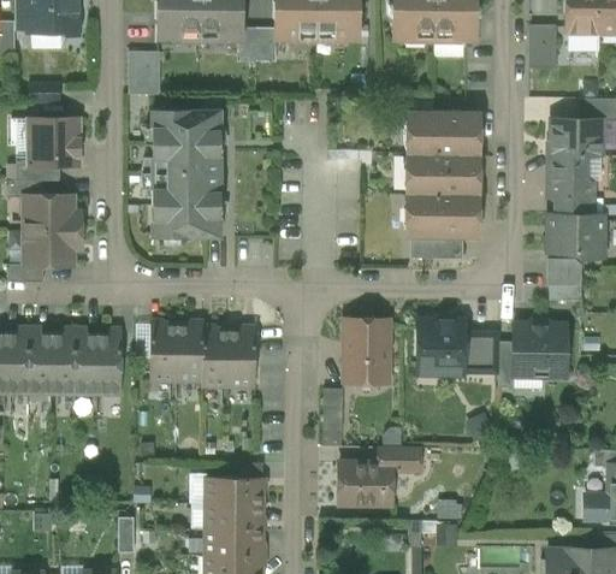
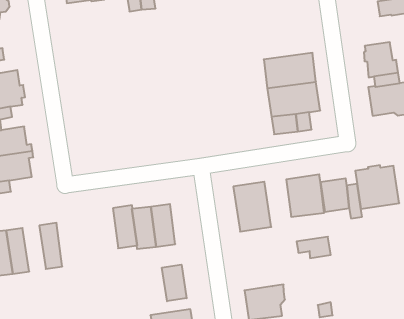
building: [129,52,160,95] -> none
building: [153,111,224,237] -> none
building: [413,113,480,155] -> none
building: [550,119,602,158] -> none
building: [547,259,582,286] -> none
building: [150,325,178,380] -> none
building: [52,333,75,393] -> none
building: [97,333,122,395] -> none
building: [324,390,343,432] -> none
building: none -> [162,265,187,301]
building: [378,448,421,473] -> [297,237,331,258]

